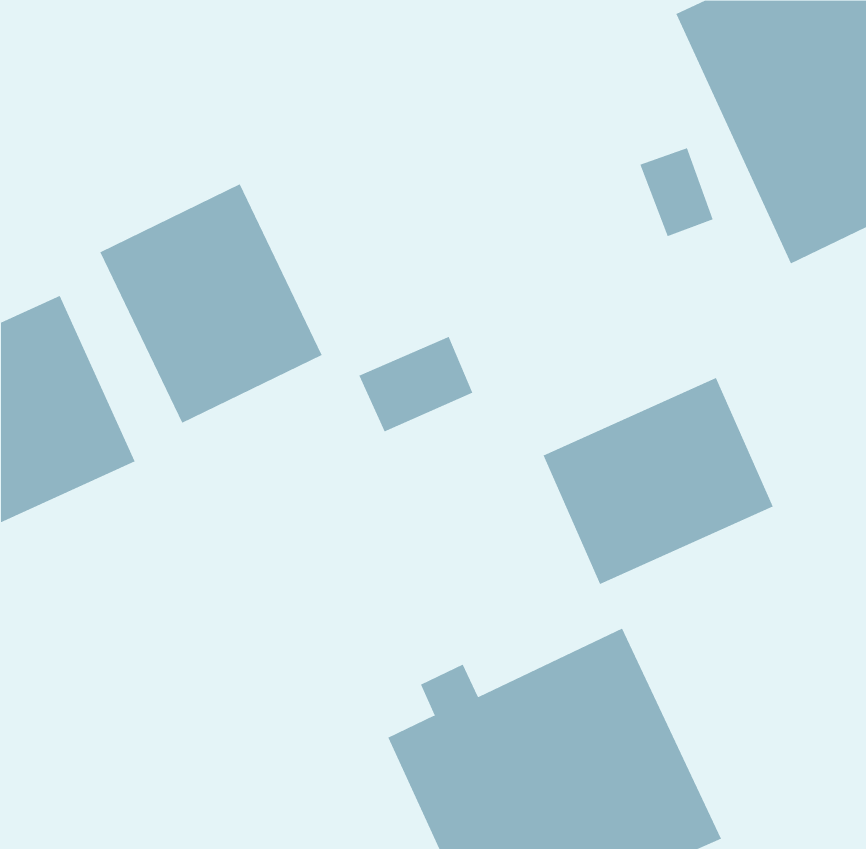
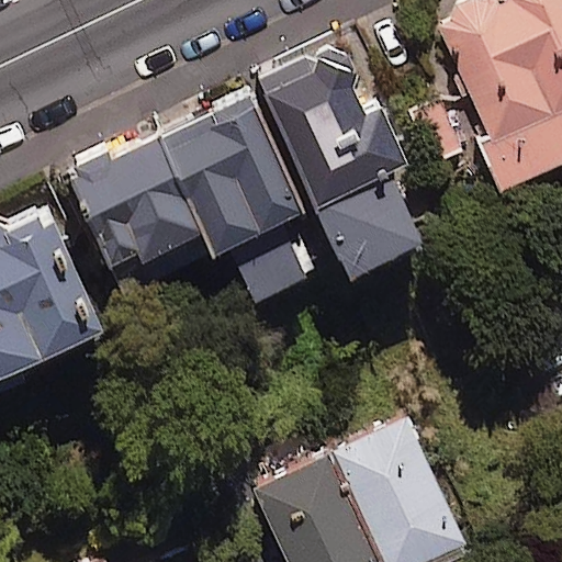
building: none -> [259,48,416,267]
building: none -> [160,94,299,245]
building: [543,377,774,585] -> none

